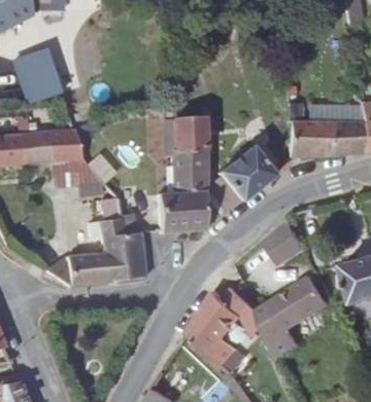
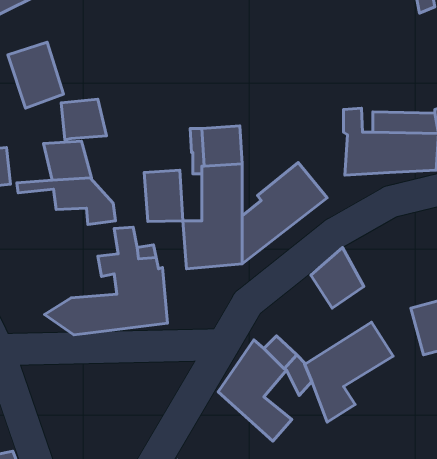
building: [14,131,52,163] -> [61,99,107,140]
building: none -> [144,170,183,222]

